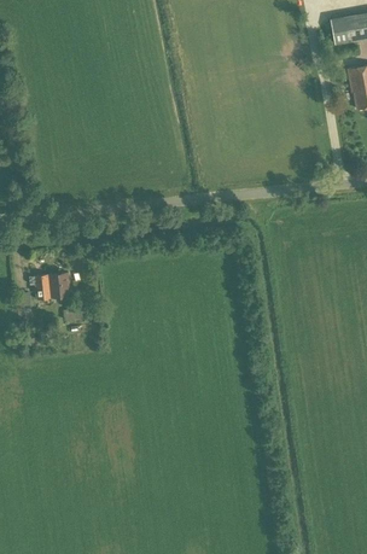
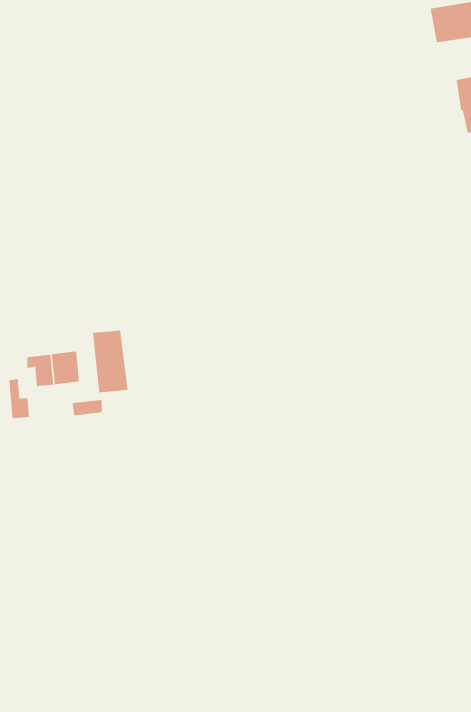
building: none -> [92,330,128,393]

